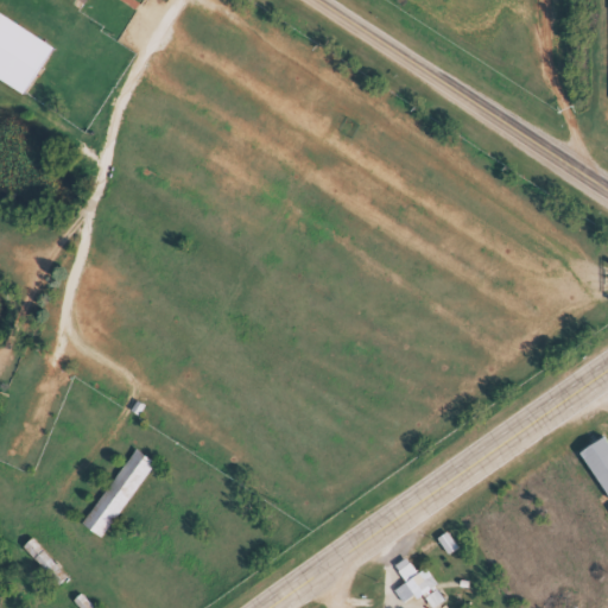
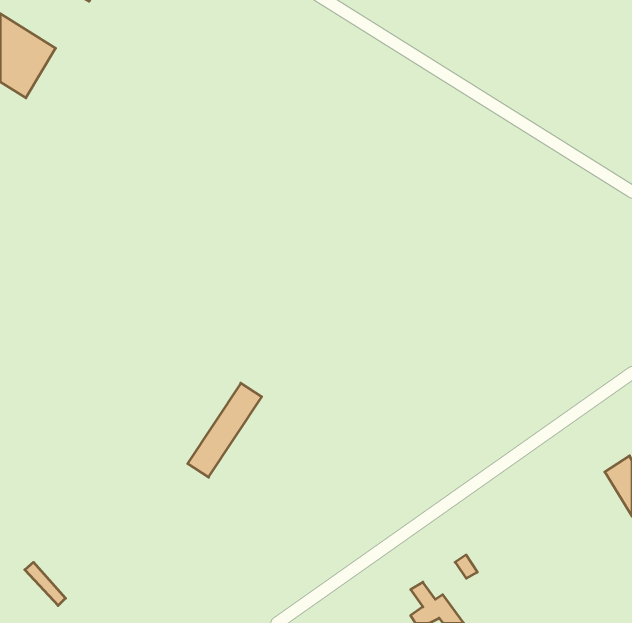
building: [82,448,153,538] -> [188,383,262,477]

